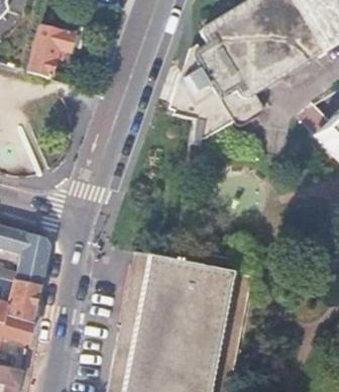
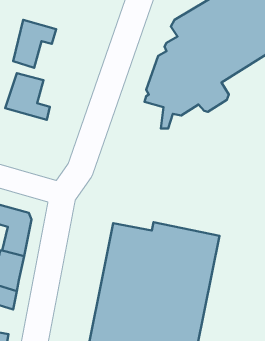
building: none -> [5,73,50,120]

